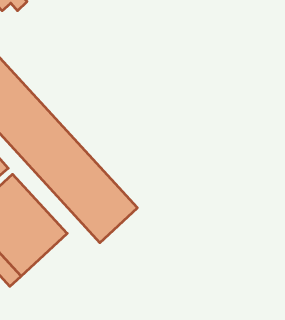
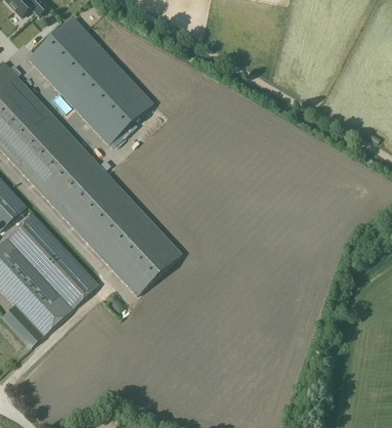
building: none -> [28,15,153,143]

